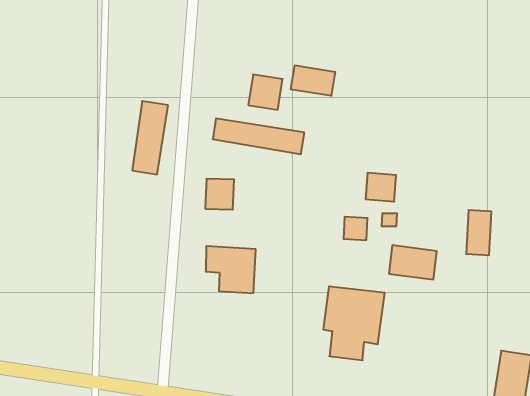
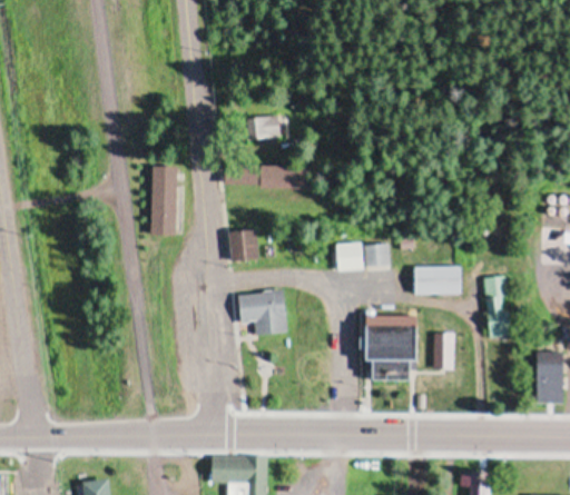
building: [291,65,335,96] -> none
building: [366,173,396,202] -> [330,242,360,270]
building: [466,210,491,255] -> [483,277,510,321]
building: none -> [433,333,453,367]

